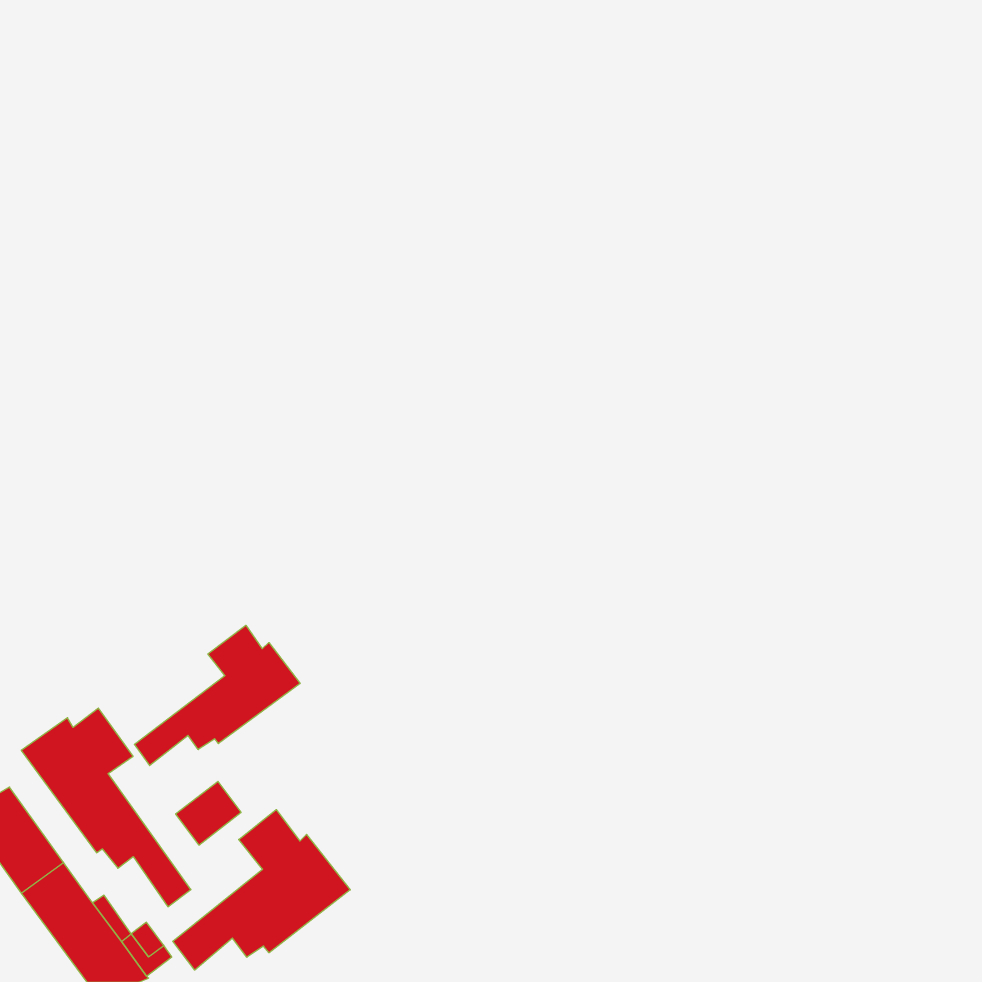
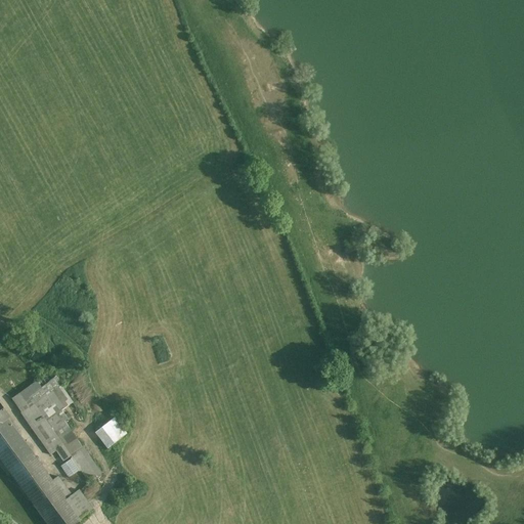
building: [134,625,300,766] -> none
building: [173,810,350,970] -> none

